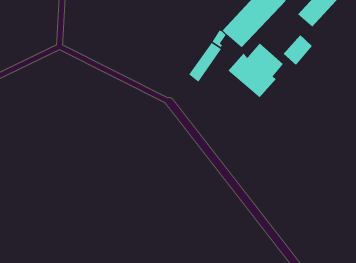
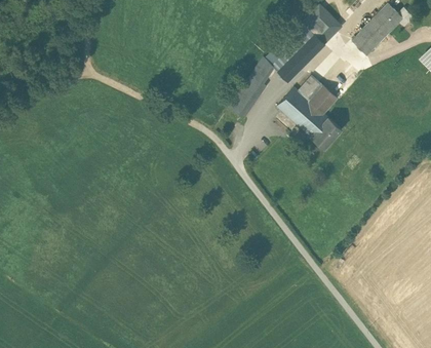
building: [283,34,313,66] -> [309,112,342,147]

